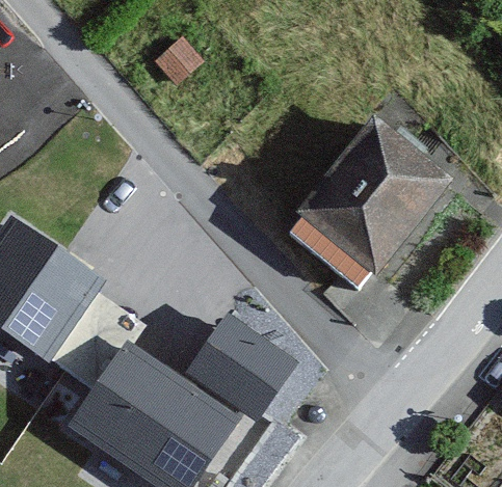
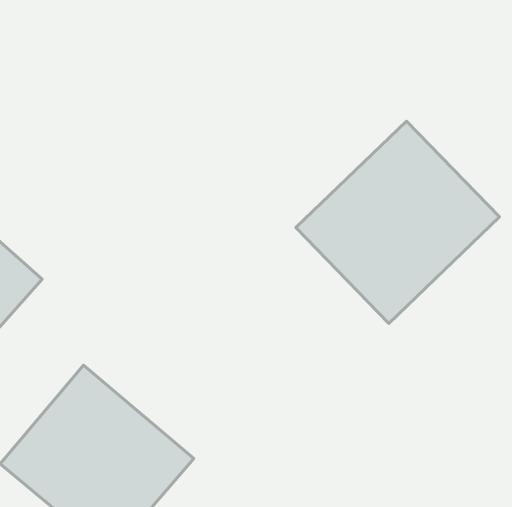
building: [194,322,290,413] -> none

